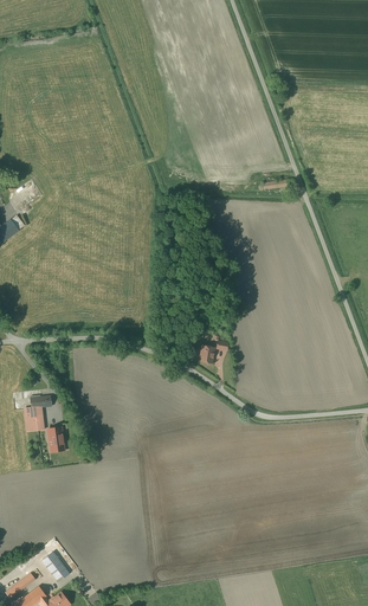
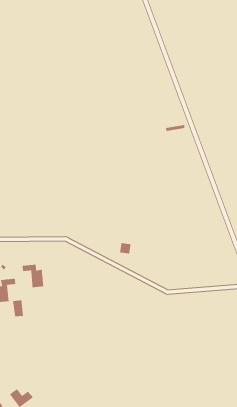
building: none -> [22,264,44,288]

